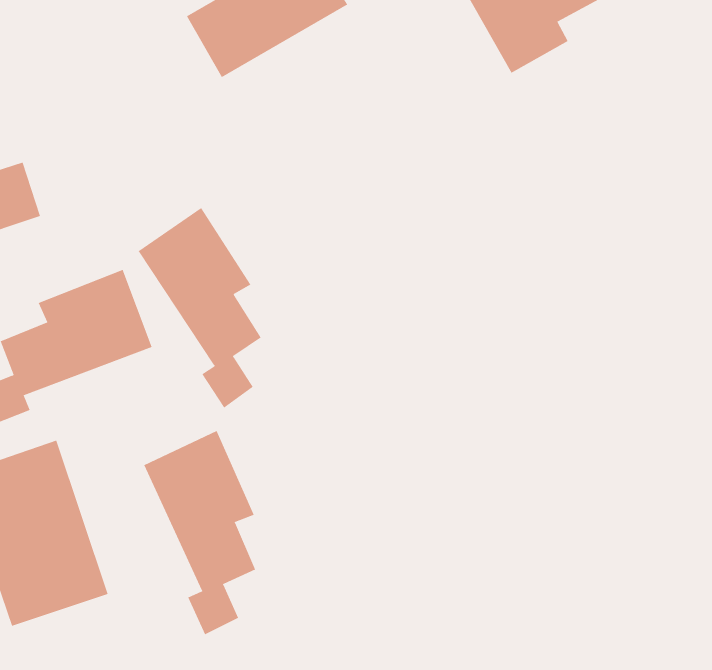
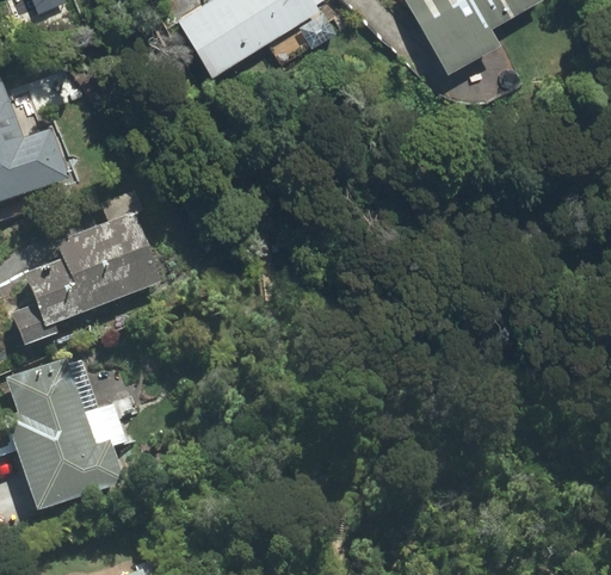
building: [138,207,262,408] -> none
building: [143,430,256,635] -> none

